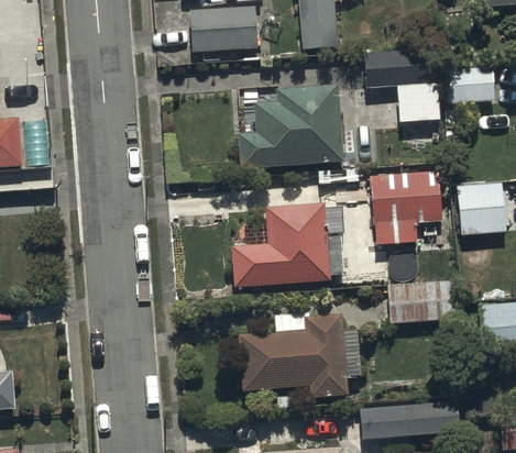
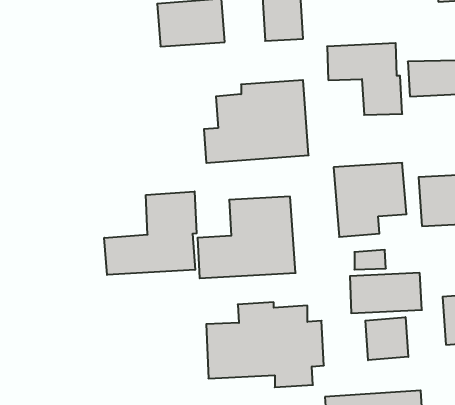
building: none -> [104,191,197,275]
building: none -> [365,317,408,360]

